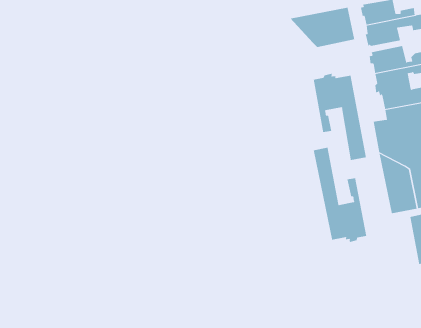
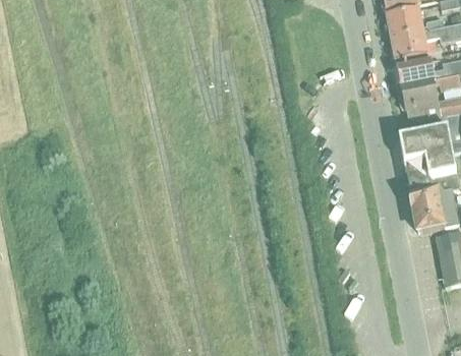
building: [290,7,355,48] -> none
building: [313,73,366,161] -> none
building: [313,147,367,243] -> none

